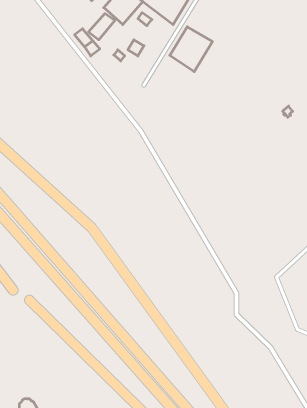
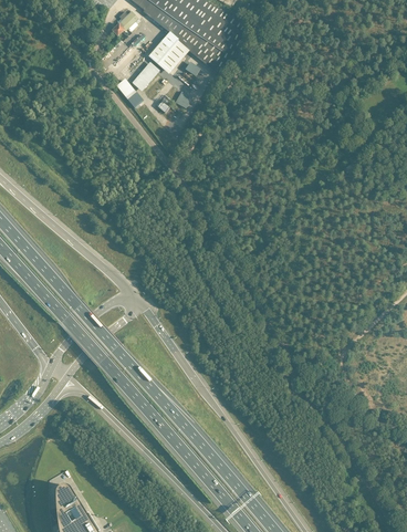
building: [170,27,212,72] -> none

